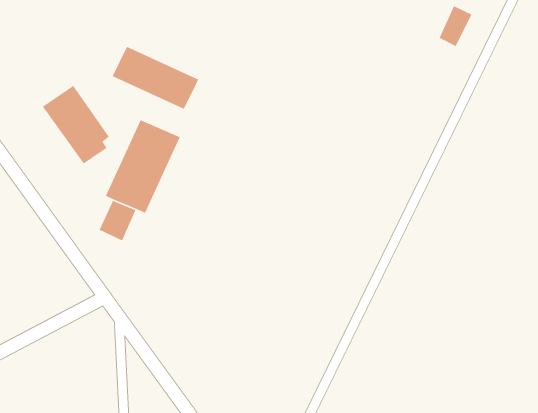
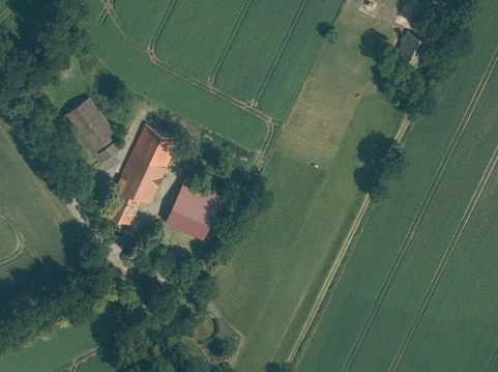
building: [112,46,199,110] -> none
building: none -> [166,180,222,238]

